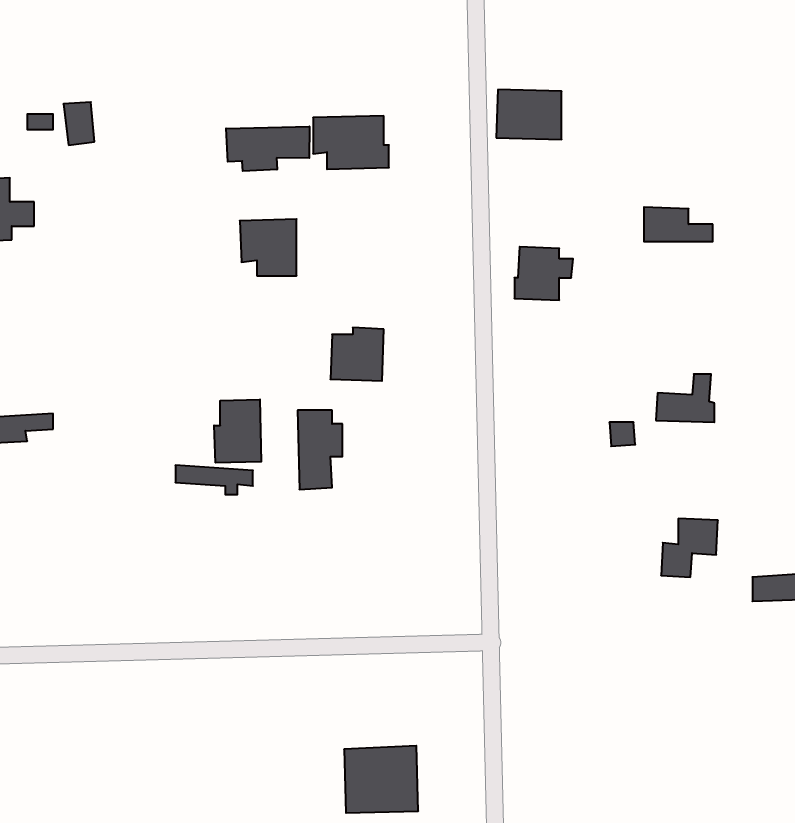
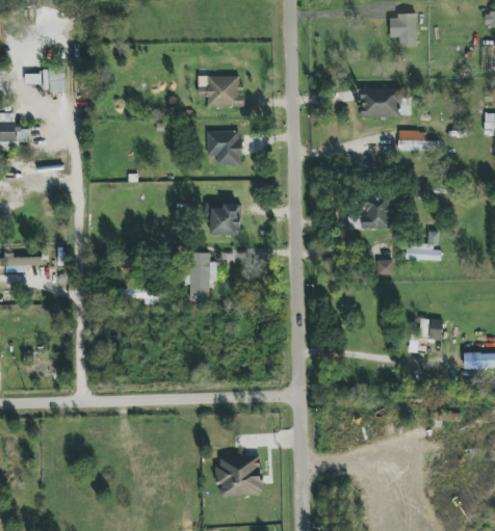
building: none -> [388,14,416,47]
building: [496,90,562,139] -> [360,87,399,117]
building: [226,126,309,171] -> none
building: [240,219,297,276] -> [206,130,240,164]
building: [514,247,573,300] -> [361,196,396,229]
building: [214,399,261,463] -> none

